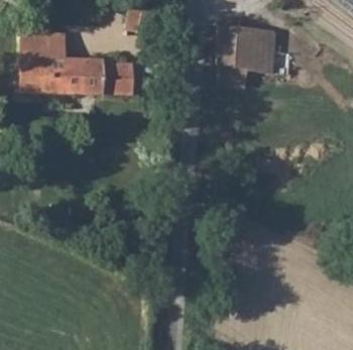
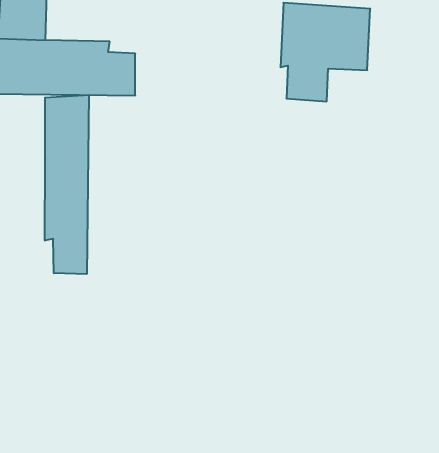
building: none -> [45,95,89,274]

